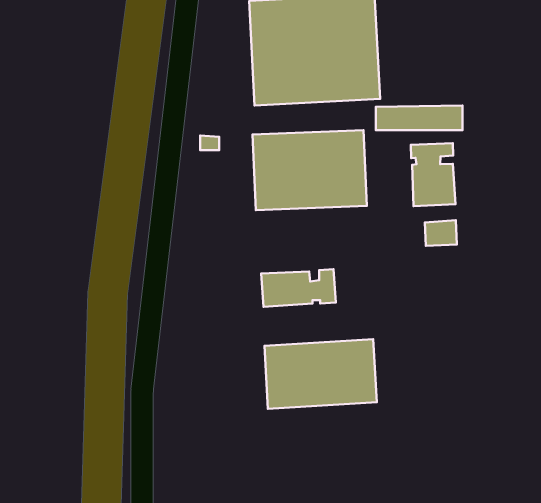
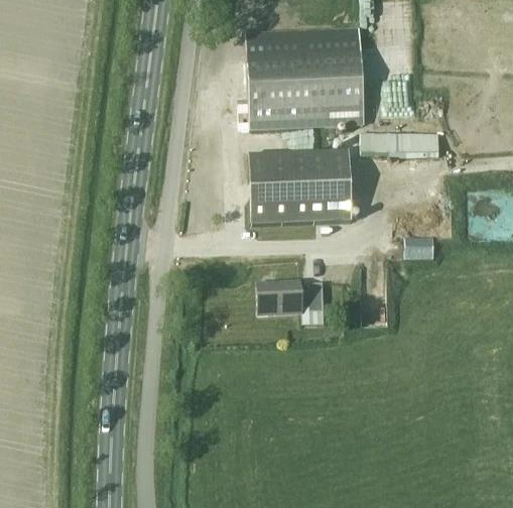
building: [411,143,456,206] -> none
building: [264,339,377,409] -> none

